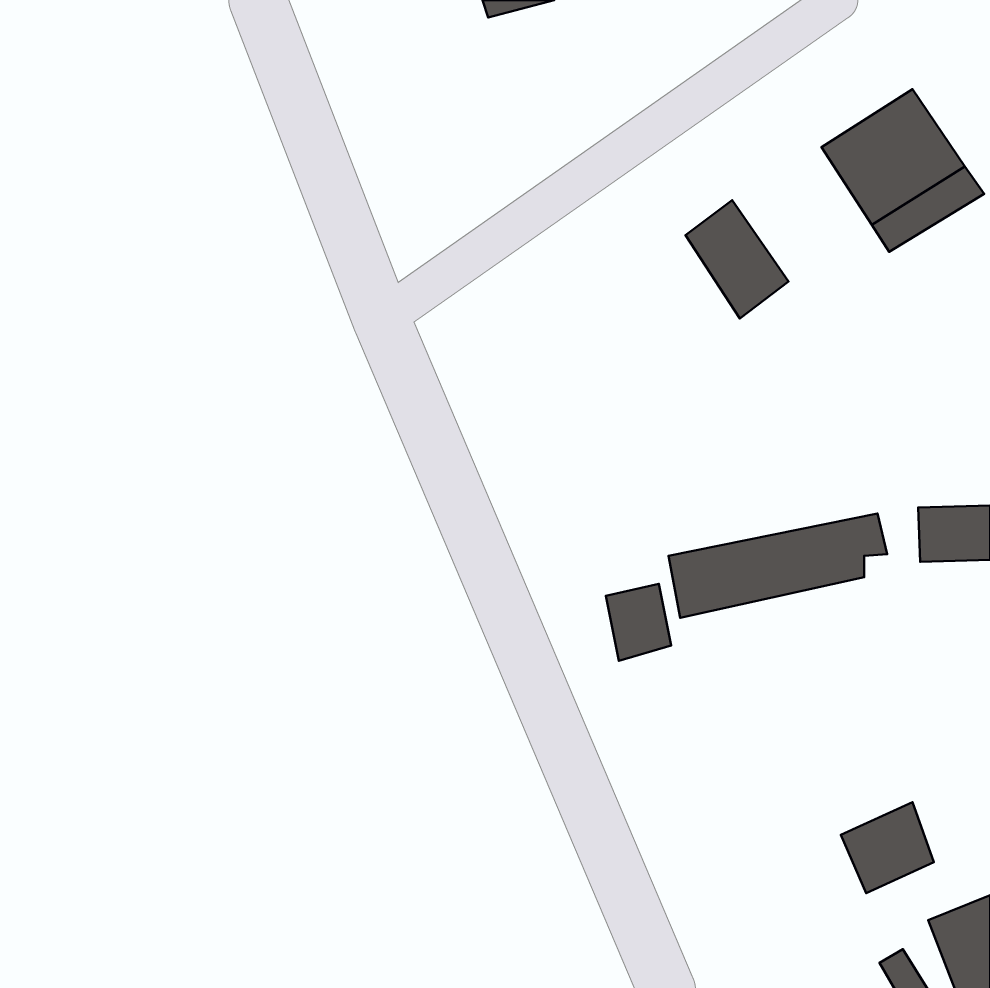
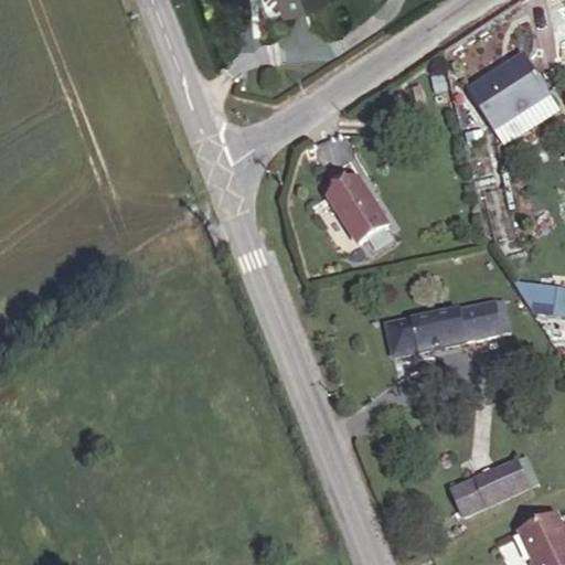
building: [686,200,788,318] -> [329,184,387,252]
building: [606,584,671,661] -> none
building: none -> [455,477,493,521]

